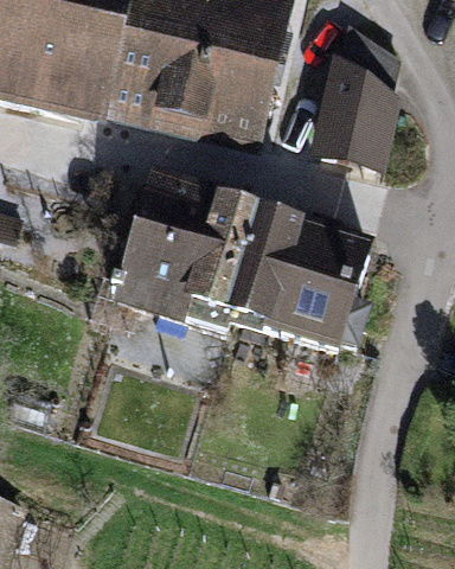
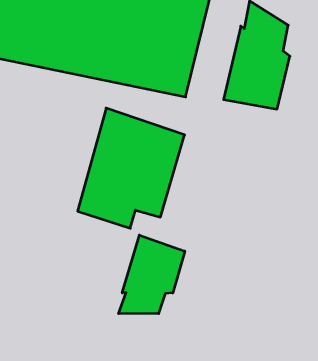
building: [224,203,370,354] -> none
building: none -> [119,235,185,314]

